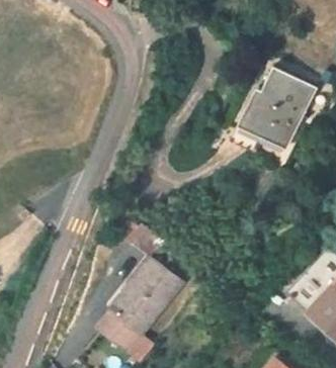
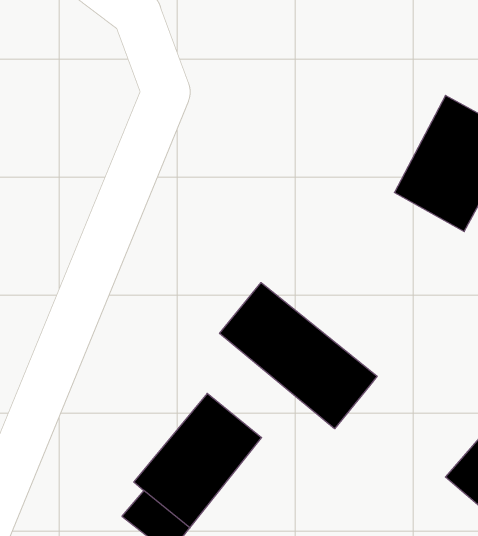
building: none -> [220,283,377,429]

